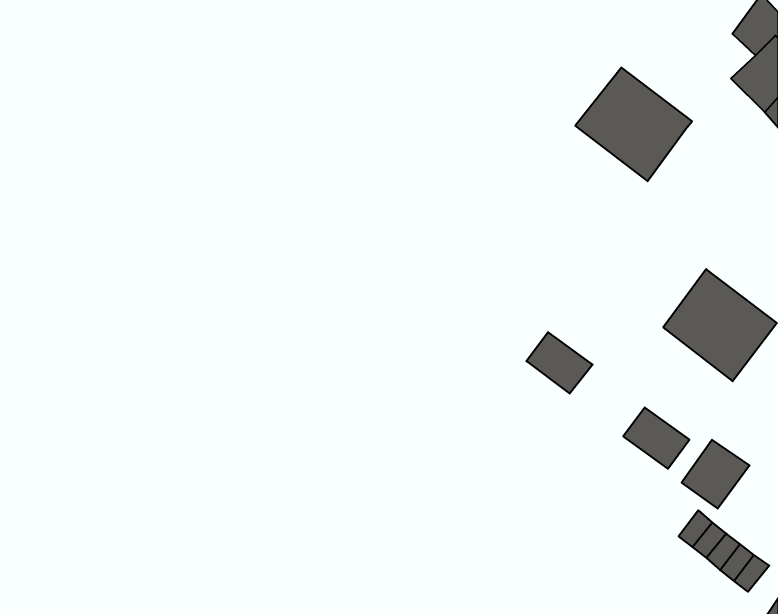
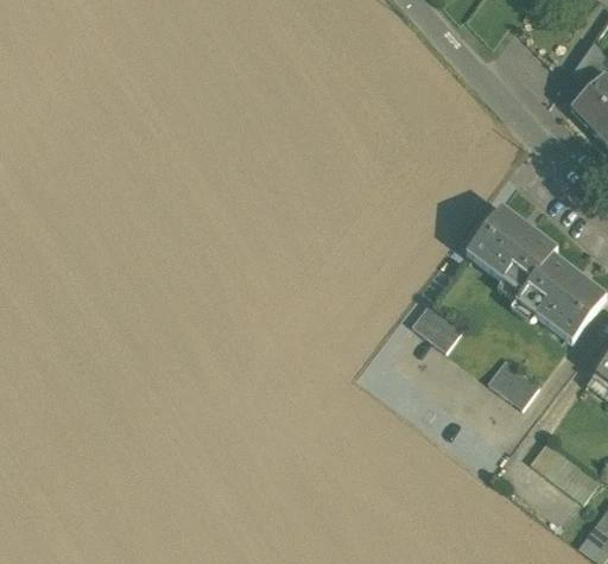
building: [575,68,692,181] -> [466,207,556,294]
building: [682,440,750,509] -> none

